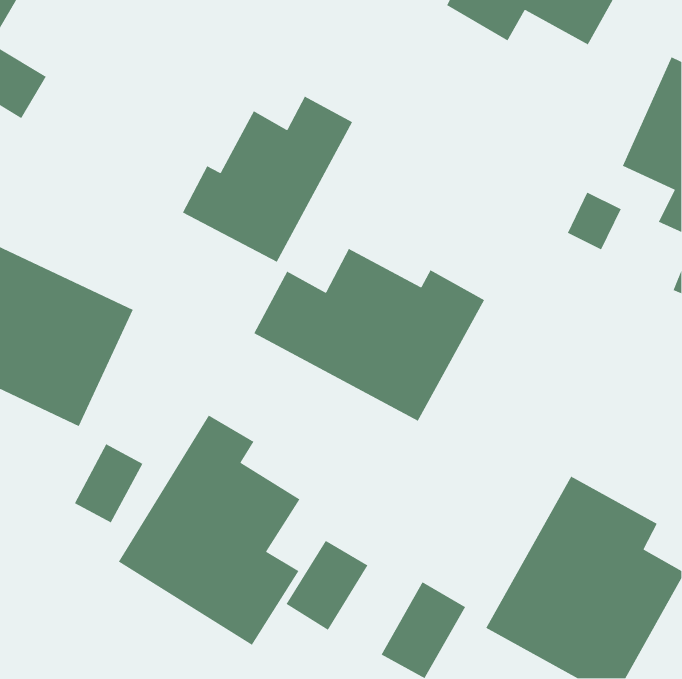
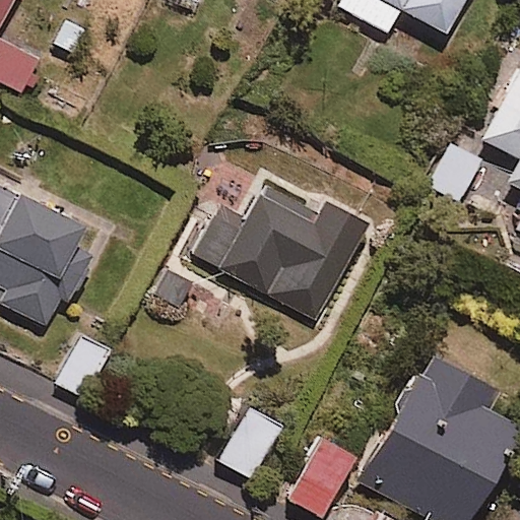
building: [182,95,353,263] -> none
building: [118,415,301,646] -> none

